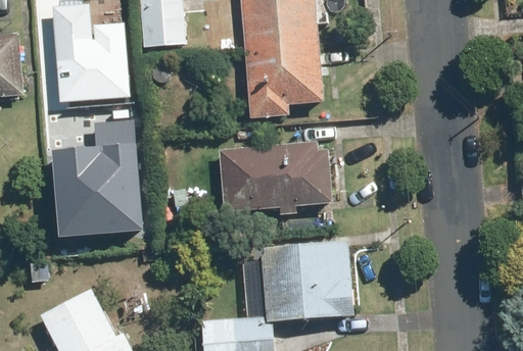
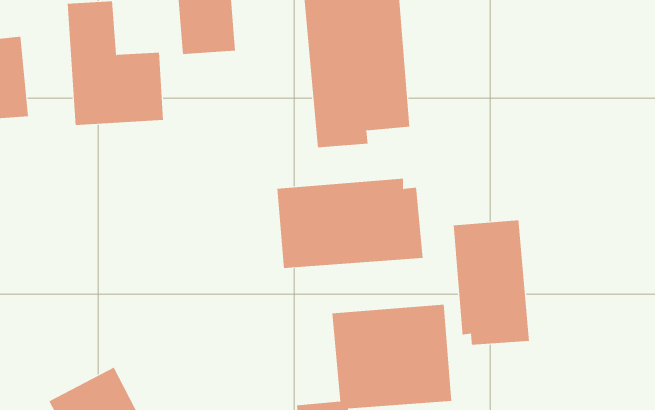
building: [58,119,147,237] -> none
building: none -> [453,219,530,346]

